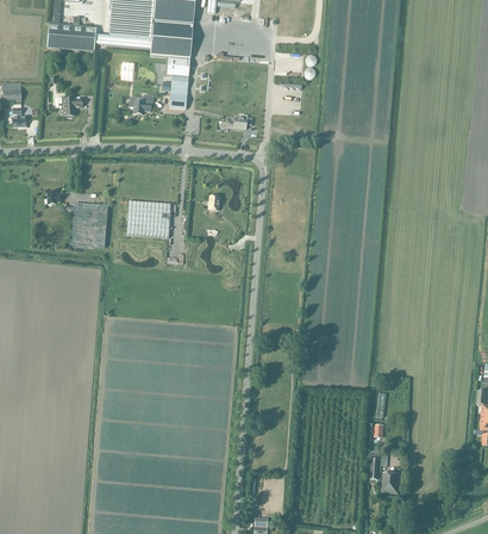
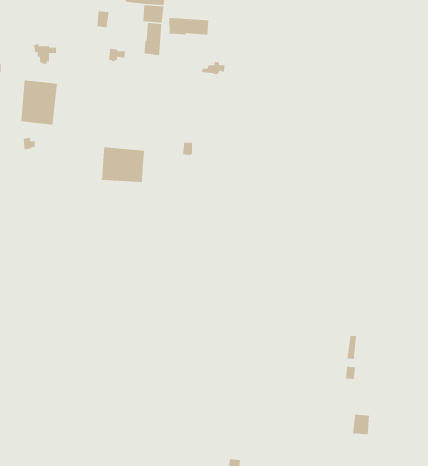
building: none -> [169,17,209,35]
building: [70,201,108,248] -> [20,80,58,125]

